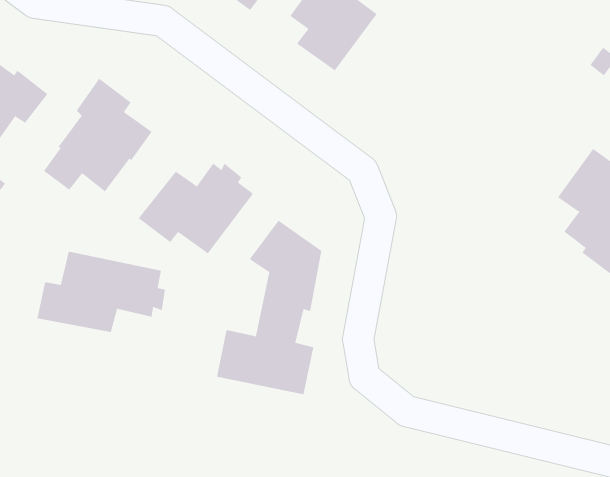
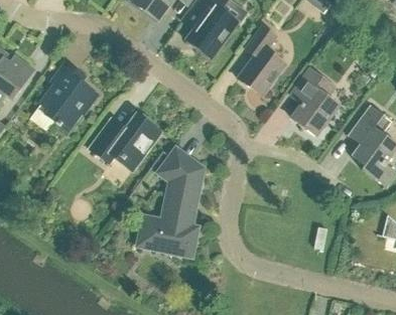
building: none -> [238,25,285,95]
building: none -> [291,68,339,134]
building: [37,251,165,333] -> none

